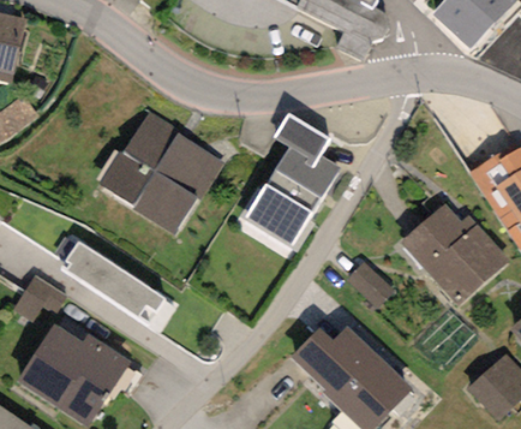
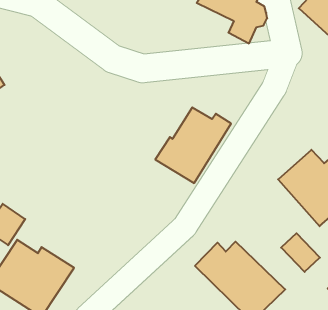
building: [100,111,226,236] -> none
building: [273,112,329,161] -> none
building: [61,240,166,323] -> none
building: [345,260,396,311] -> [281,233,320,272]

